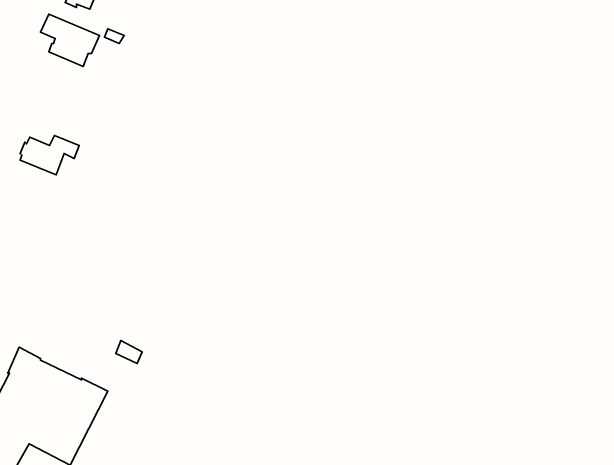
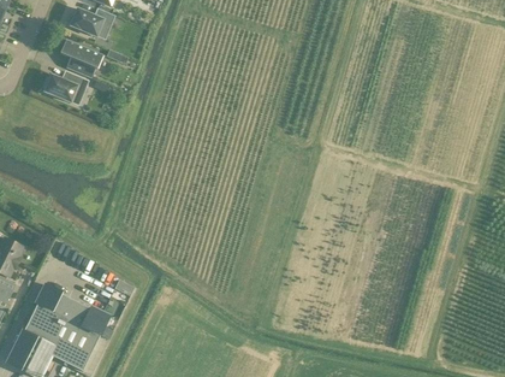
building: [20,136,79,175] -> [44,72,88,101]

